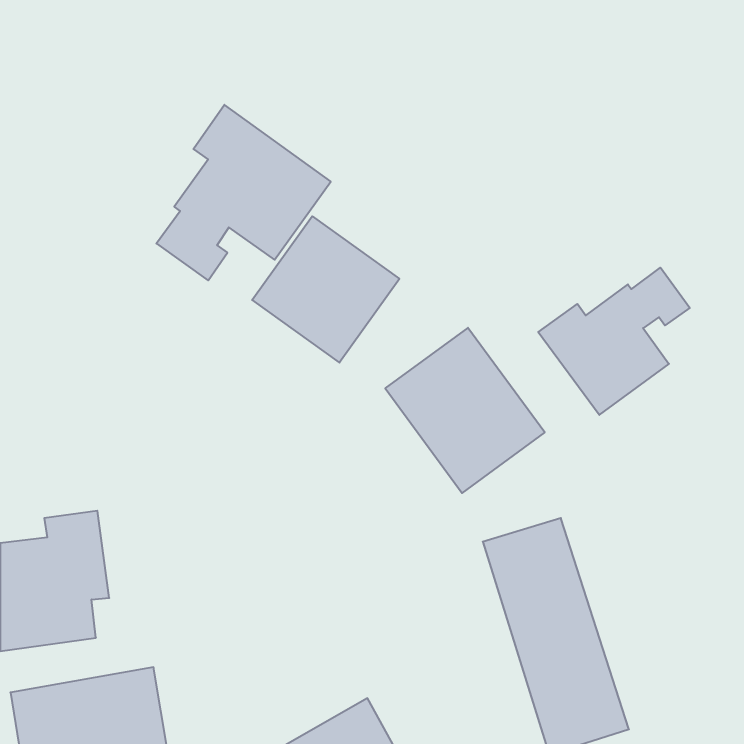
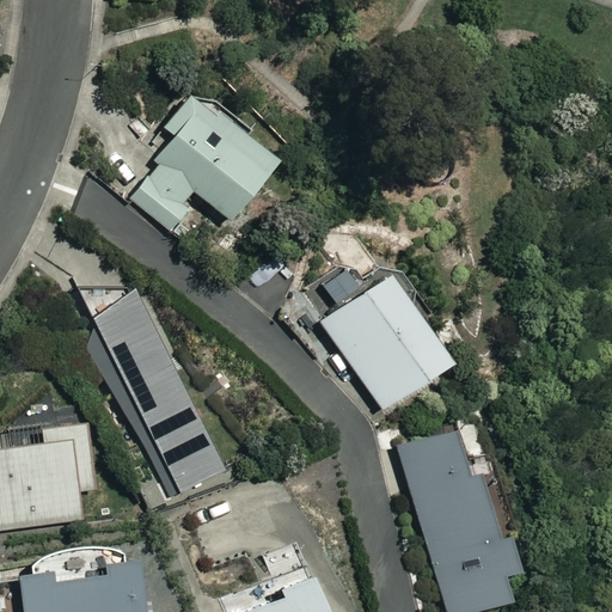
building: [252,216,399,363] -> none
building: [538,268,690,415] -> none
building: none -> [62,273,231,509]

